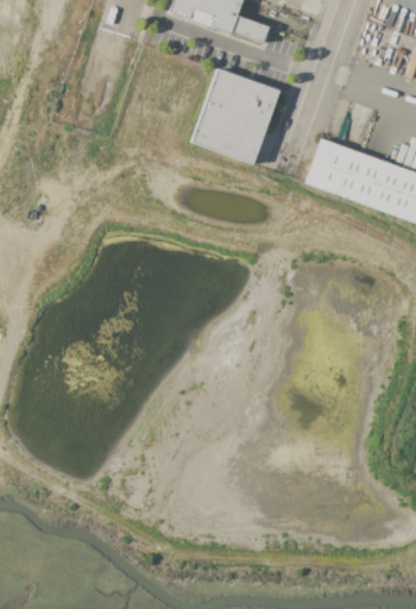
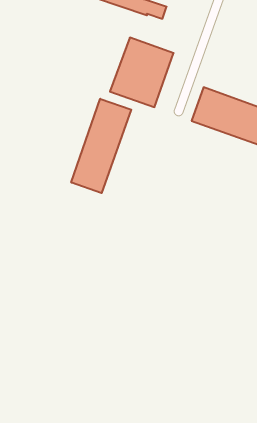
building: none -> [71,99,131,193]

